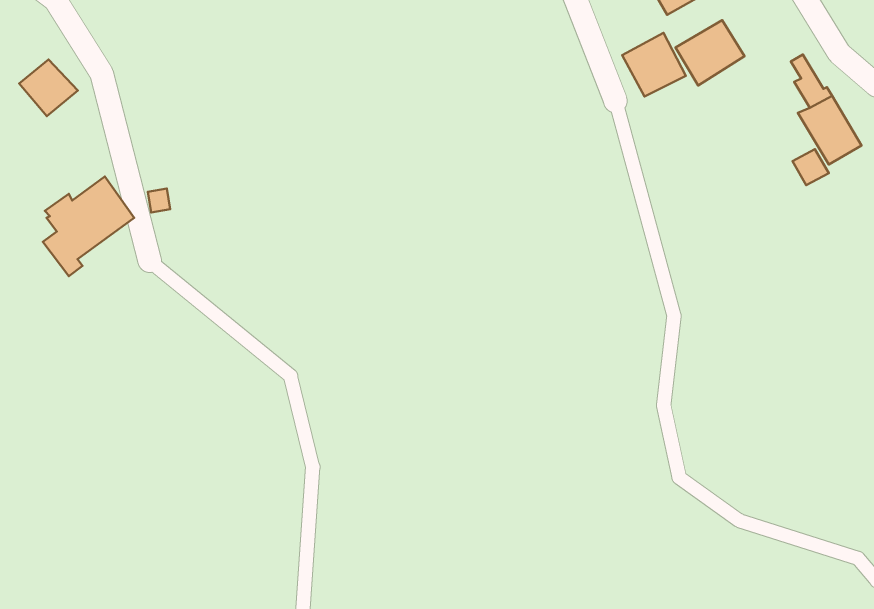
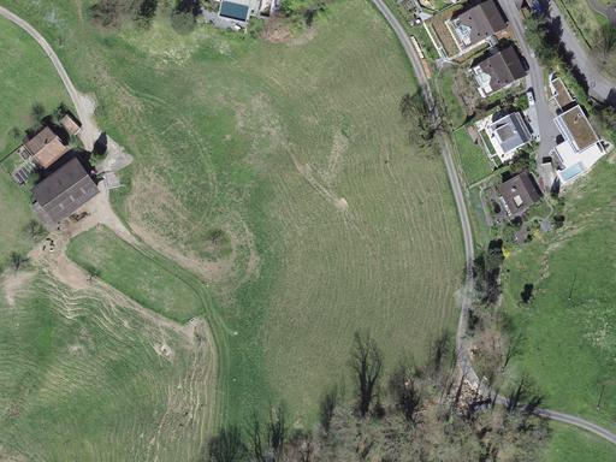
building: [622,33,686,96] -> [485,109,529,154]
building: [19,59,78,116] -> [25,120,66,160]
building: none -> [500,165,545,207]

